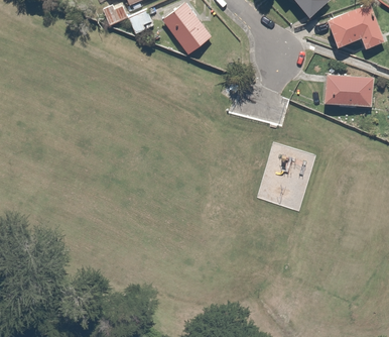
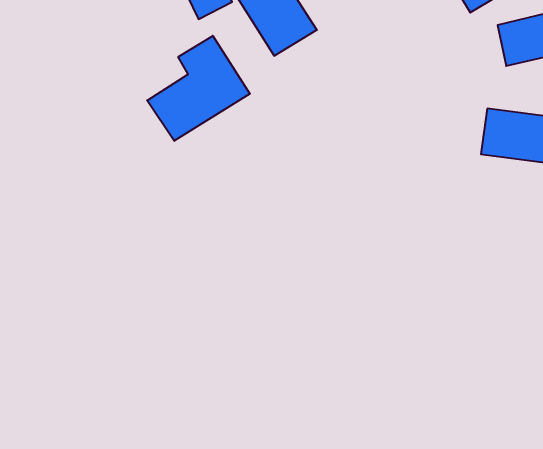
building: none -> [147,36,250,141]

